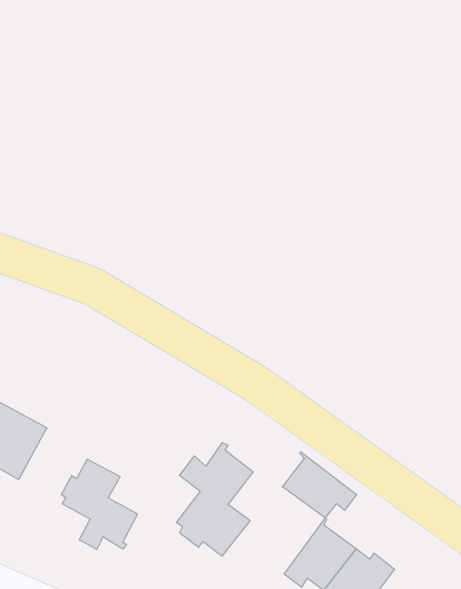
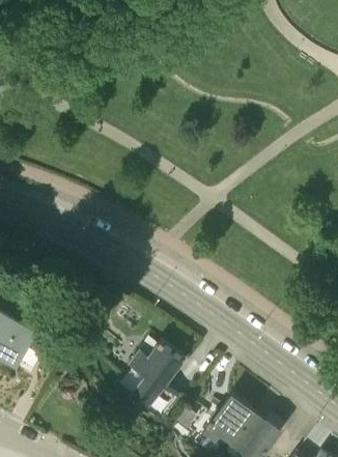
building: [282,452,357,518] -> none
building: [61,459,138,549] -> none

